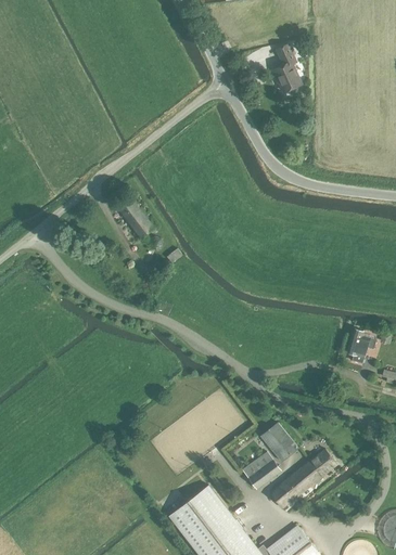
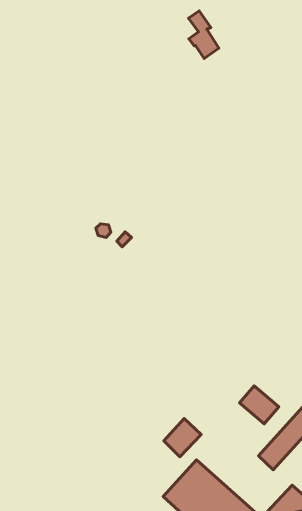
building: [117,197,154,238] -> none
building: [243,452,281,489] -> [164,419,201,457]

